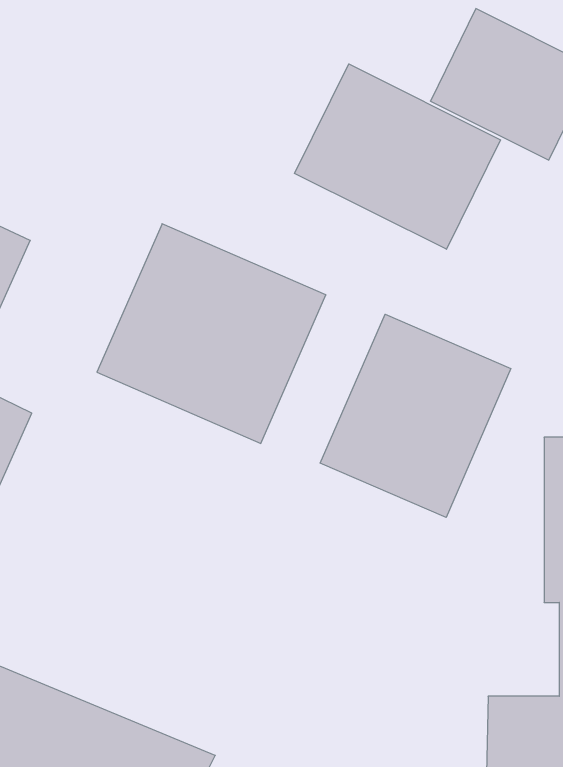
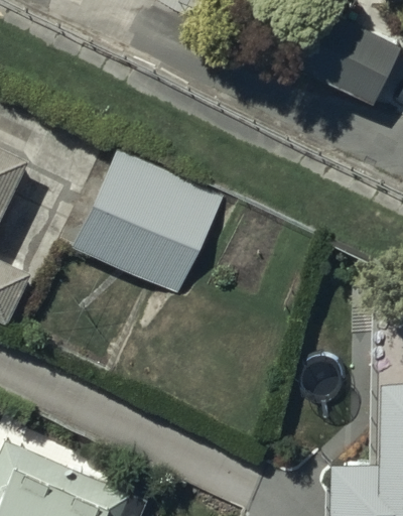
building: [295,64,501,249] -> none
building: [320,314,511,517] -> none

